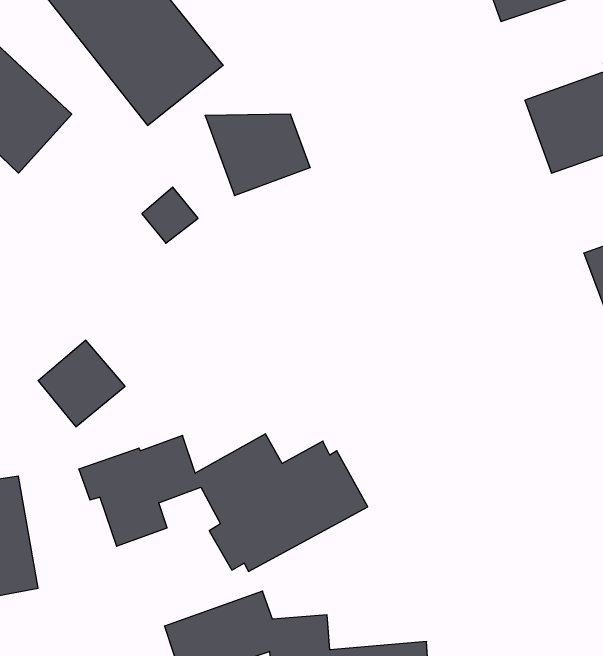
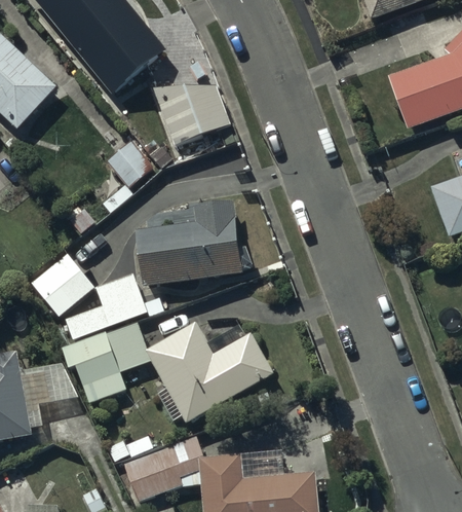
building: none -> [140,199,252,284]
building: none -> [65,272,149,338]

